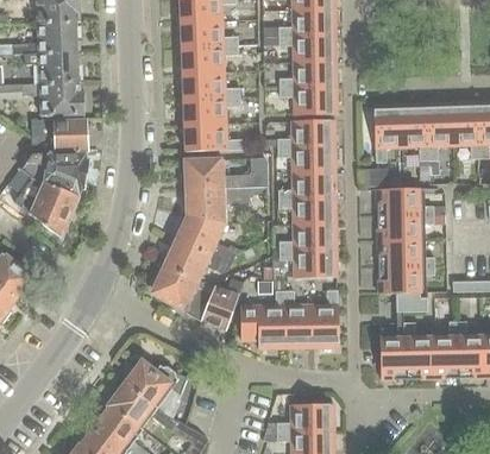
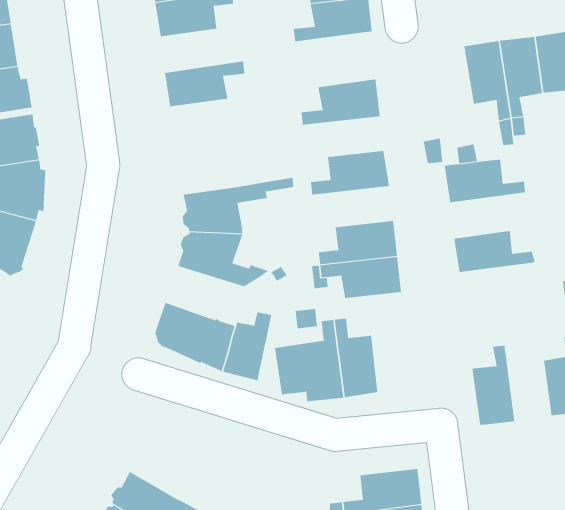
building: [182,71,240,99] -> none
building: [278,86,335,113] -> none
building: [373,103,402,162] -> none
building: [183,122,241,151] -> none
building: [277,147,334,172] -> none
building: [184,157,266,188] -> none
building: [278,198,335,223] -> none
building: [377,214,433,241] -> none
building: [163,239,235,286] -> none
building: [378,265,434,311] -> none
building: [310,289,337,346] -> none
building: [406,321,433,378] -> none
building: [125,361,186,408] -> none

